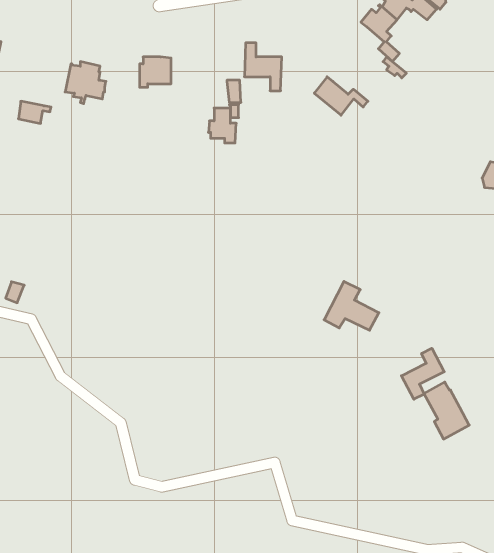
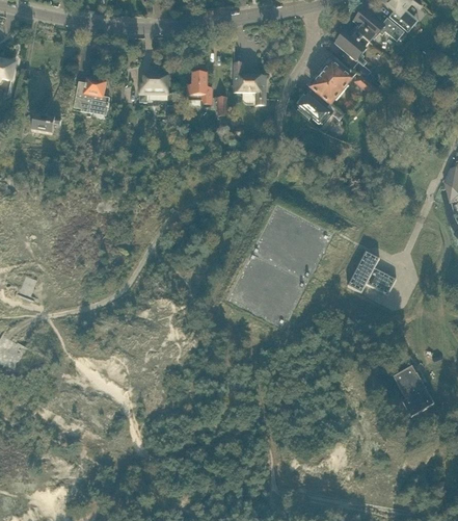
building: none -> [311,62,350,103]
building: [208,108,236,143] -> [187,73,212,104]
building: [324,281,379,330] -> [347,250,396,293]
building: [401,348,444,399] -> none

